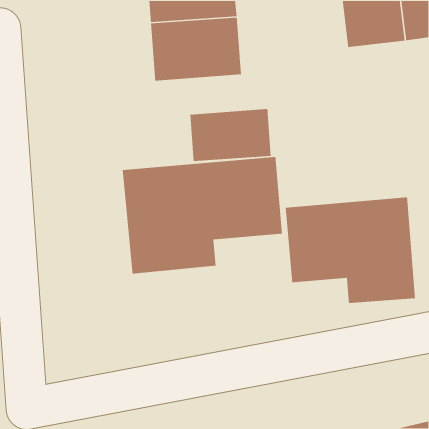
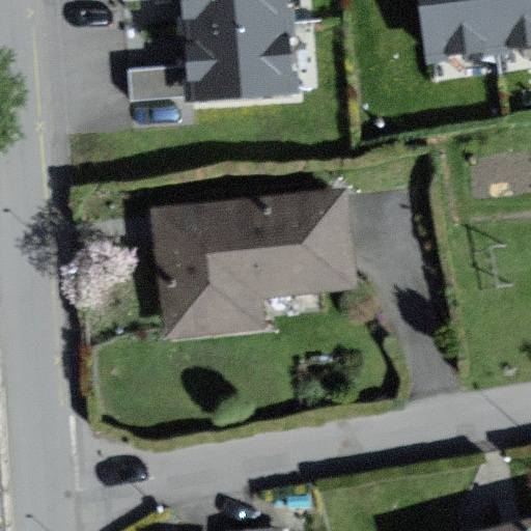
building: [189,108,272,162] -> none
building: [285,196,416,304] -> none

